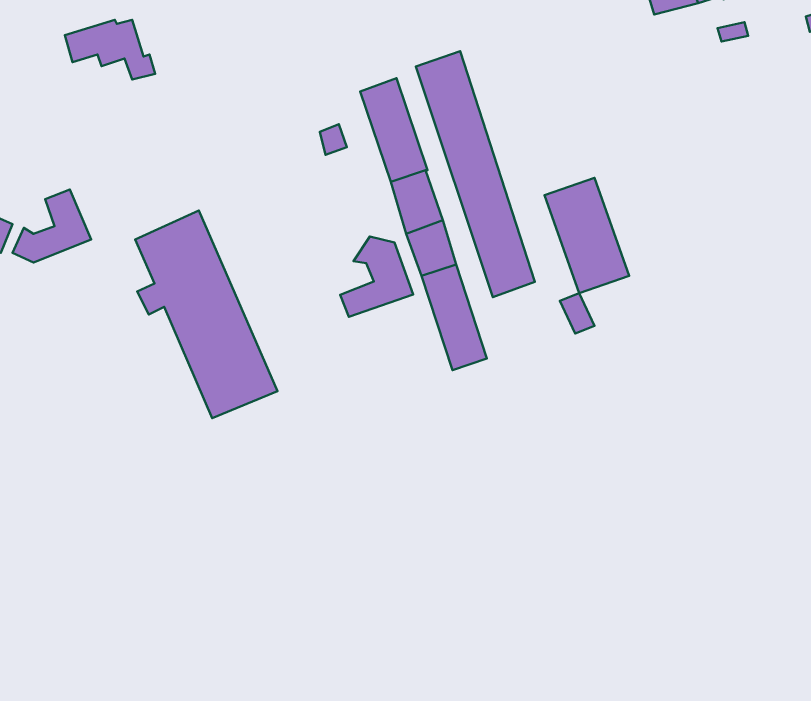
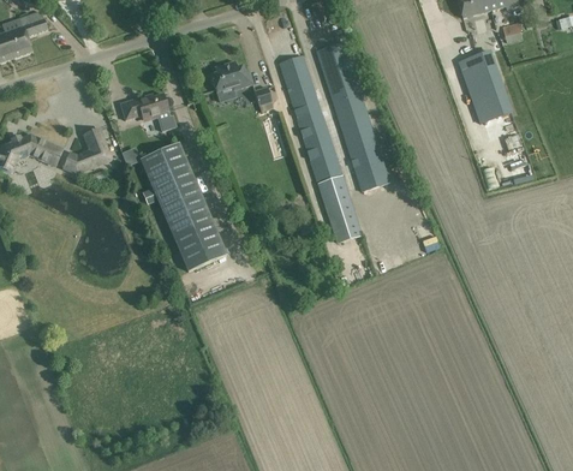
building: [65,20,155,79] -> [120,94,177,131]
building: none -> [211,61,252,91]
building: [545,178,629,293] -> [459,52,512,124]
building: [340,236,413,317] -> none

